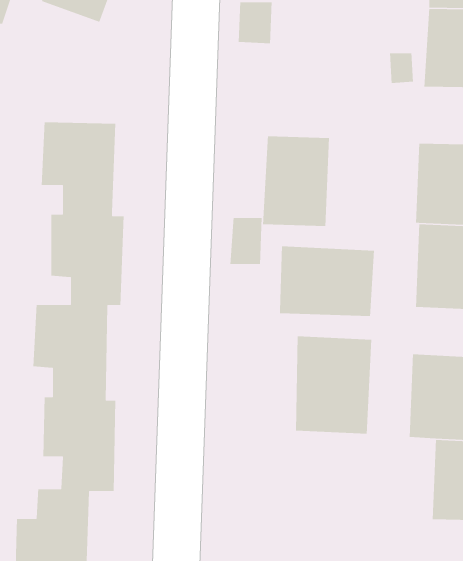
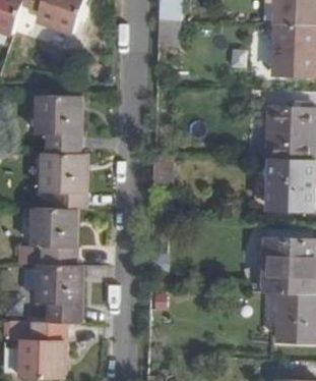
building: [262,135,330,227] -> none
building: [279,246,375,317] -> none
building: [295,335,372,435] -> none

